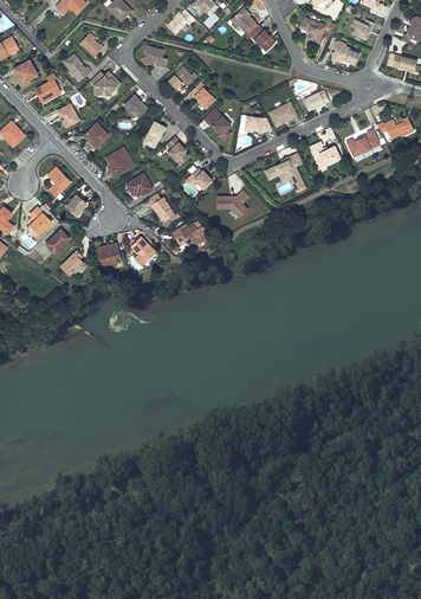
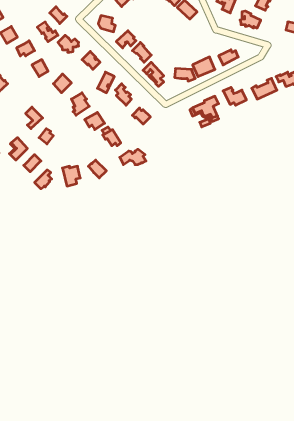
building: [216,194,247,217] -> none

